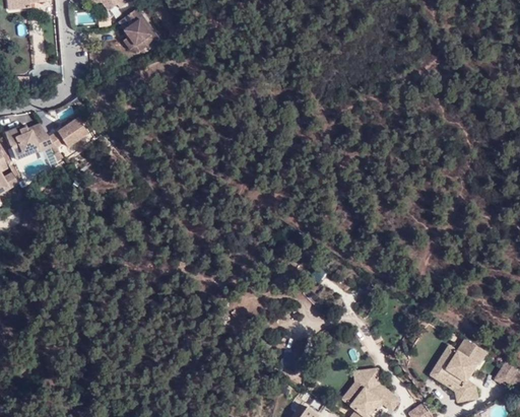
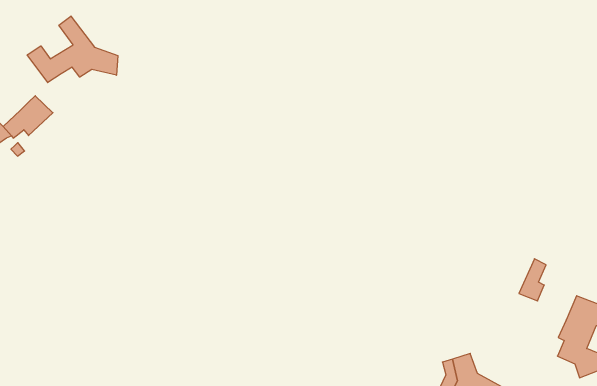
building: none -> [27,16,118,83]
building: [429,349,453,381] -> [519,259,546,301]

